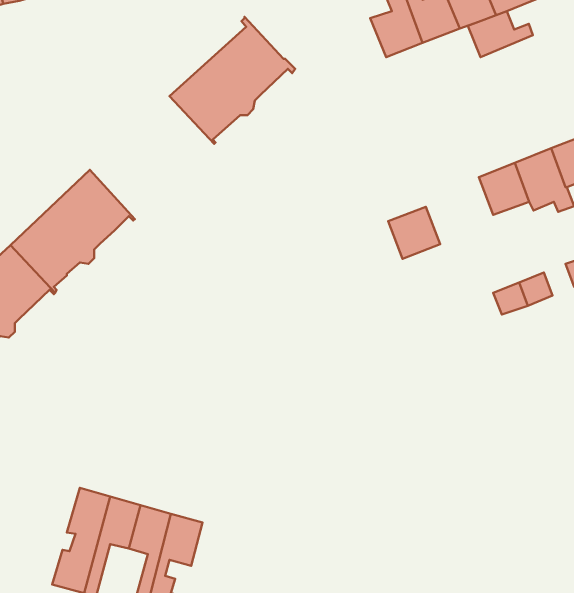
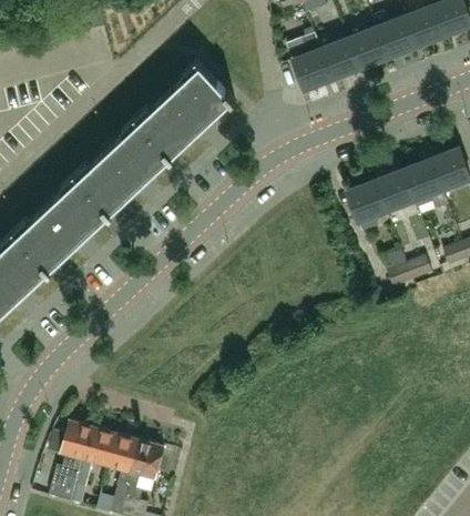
building: [468,11,533,57] -> none
building: none -> [78,120,173,214]
building: [388,207,440,259] -> [347,182,387,222]

